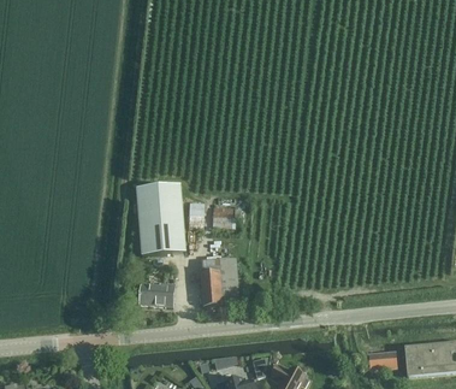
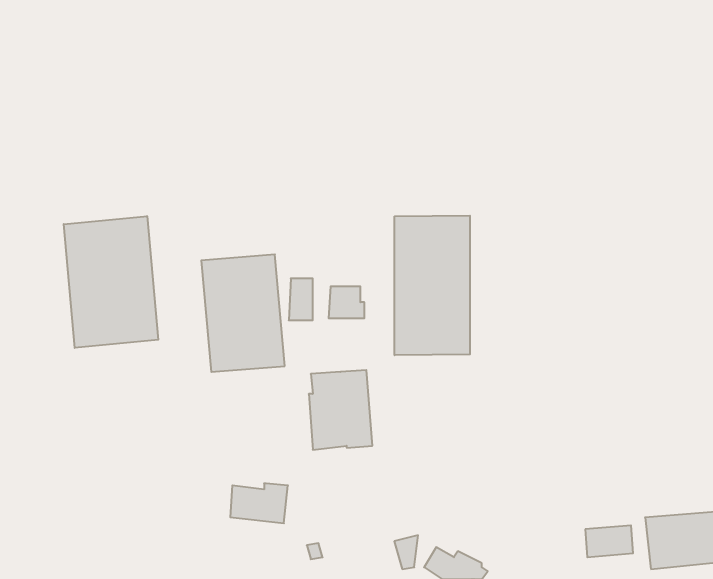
building: none -> [395,216,470,355]
building: none -> [64,216,158,348]
building: [138,281,173,305] -> [230,483,288,523]

